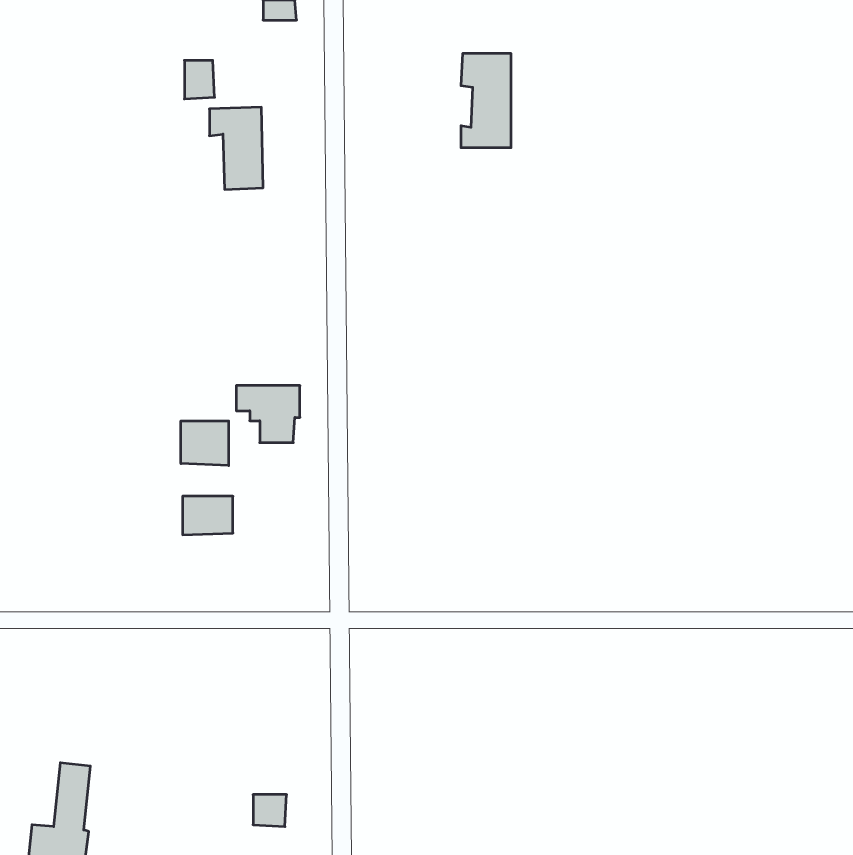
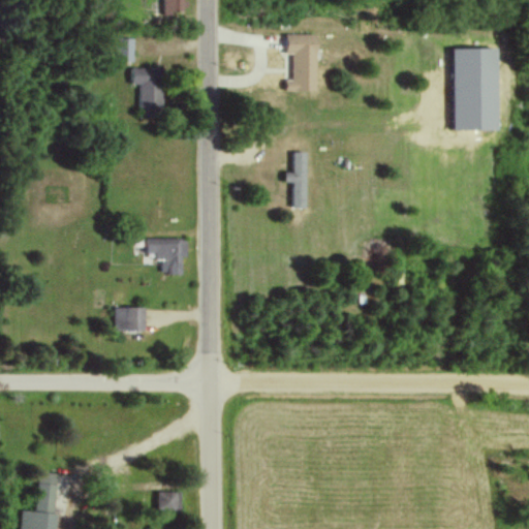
building: none -> [454,49,499,131]
building: none -> [286,152,308,209]
building: [181,421,229,466] -> none

